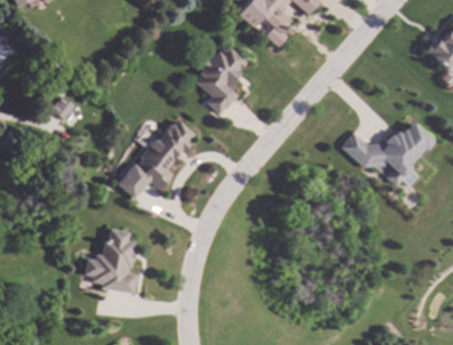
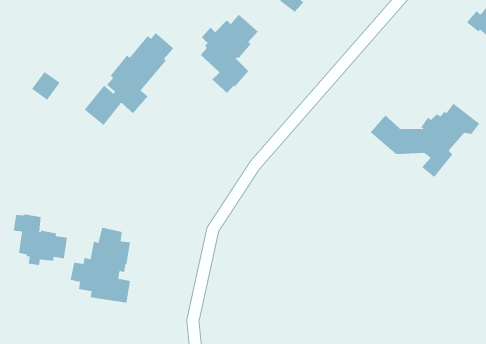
building: [118,119,195,200] -> [84,32,174,126]
building: none -> [13,214,68,266]

